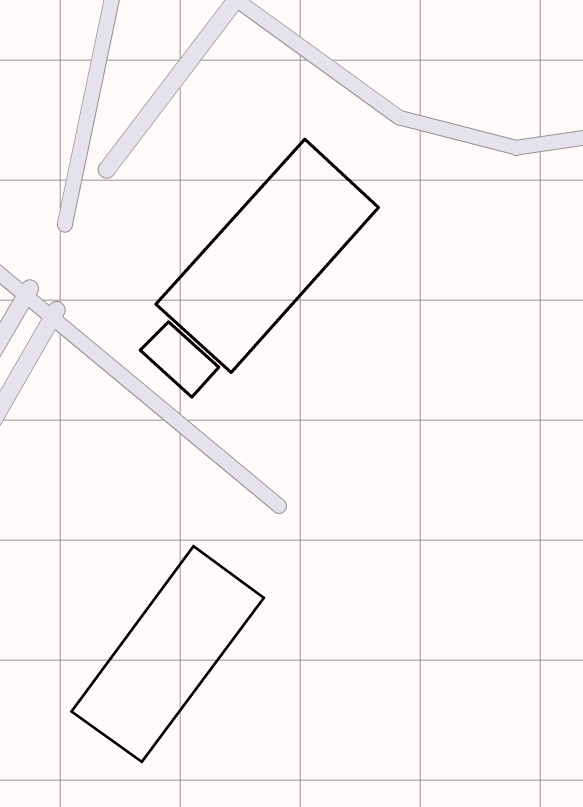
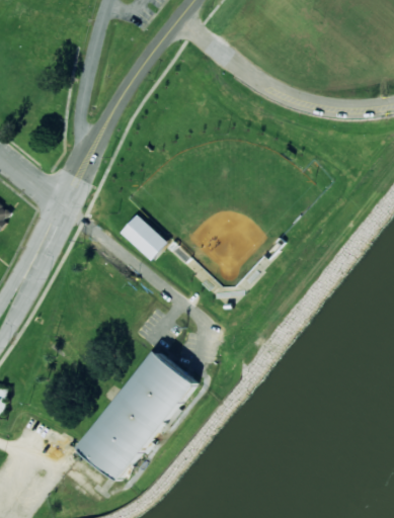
building: [156,139,378,372] -> none

